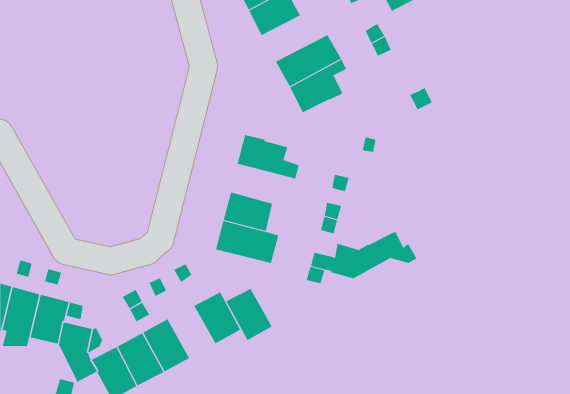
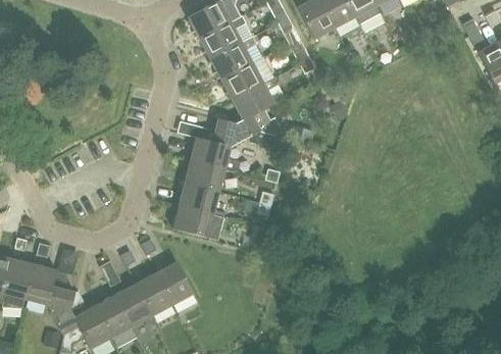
building: none -> [209,36,256,79]
building: none -> [185,160,224,192]
building: [310,232,417,279] -> [196,109,282,147]
building: [225,288,273,341] -> [135,273,172,315]

